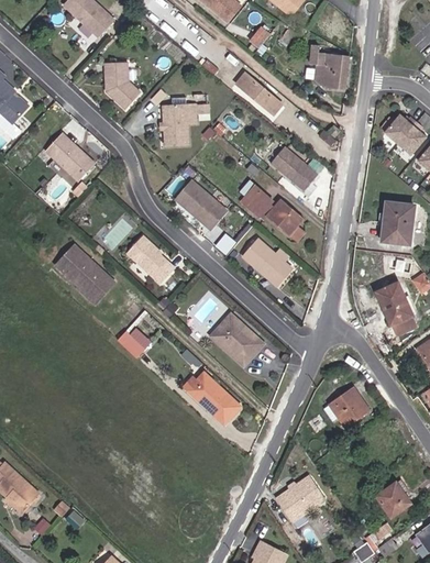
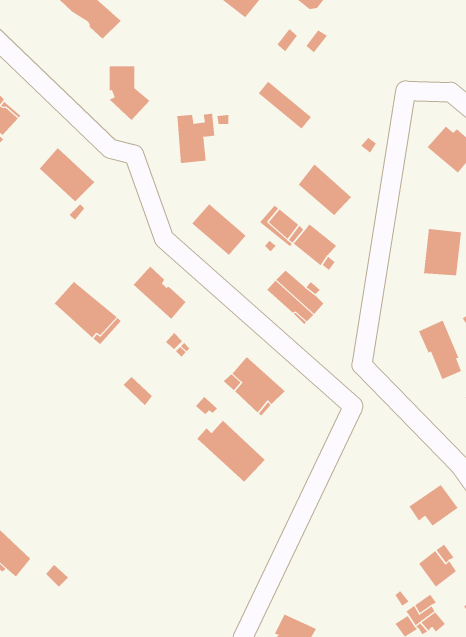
building: [308,43,349,90] -> none
building: [323,389,367,427] -> [409,484,459,527]
building: [277,477,326,523] -> none

